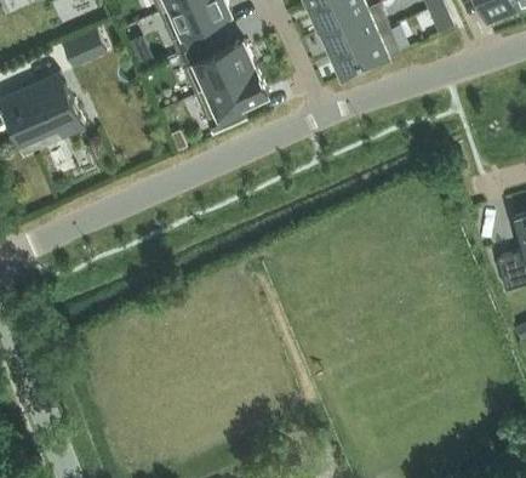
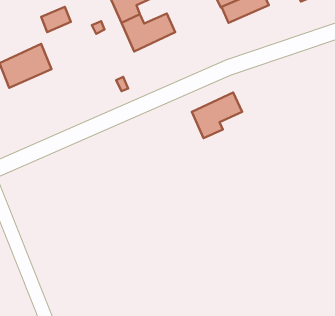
building: [333,27,402,78] -> none
building: [198,66,270,131] -> [192,93,242,138]

